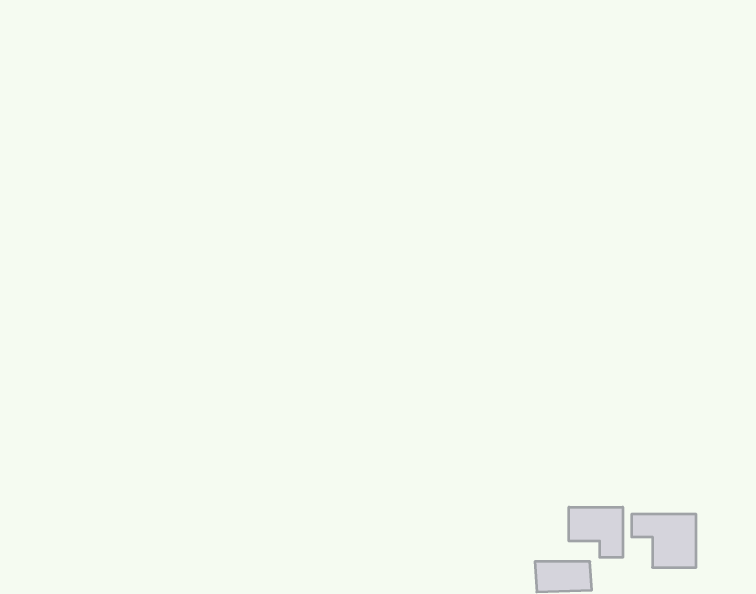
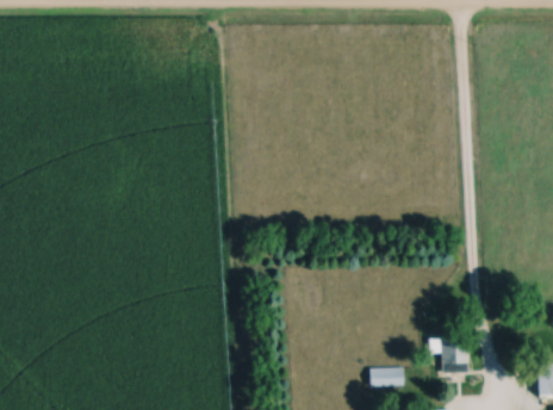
building: [569,507,623,557] -> none

